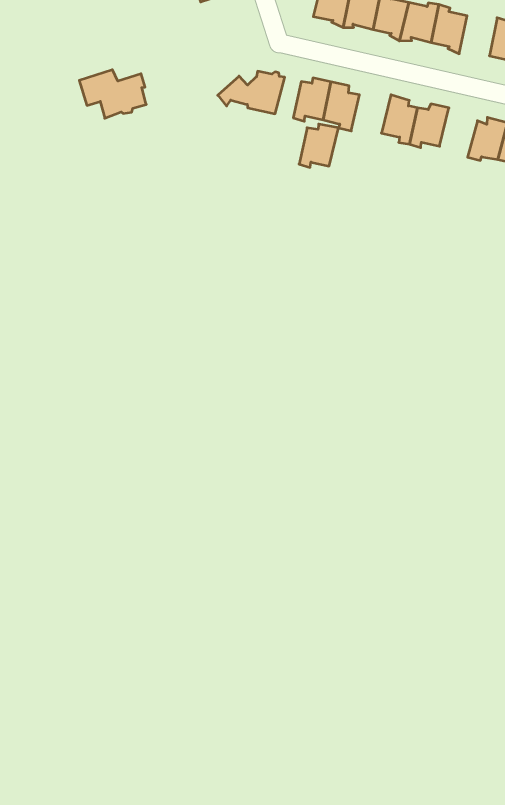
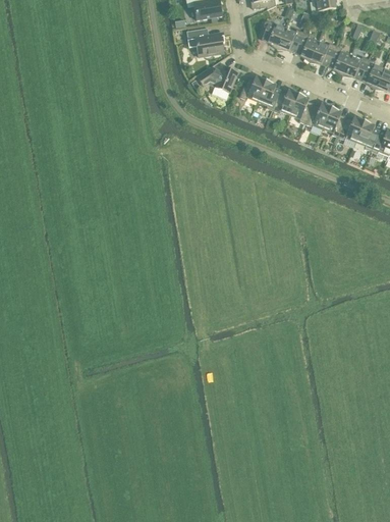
building: none -> [342,54,368,80]
building: [79,70,146,118] -> [186,29,224,56]
building: none -> [322,106,346,137]
building: [299,124,339,167] -> [272,89,298,114]

